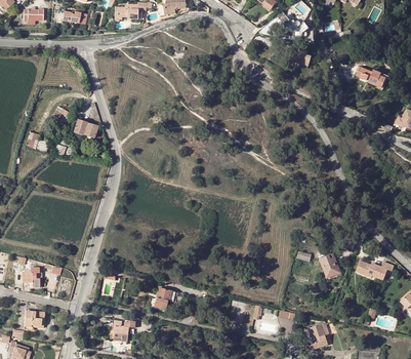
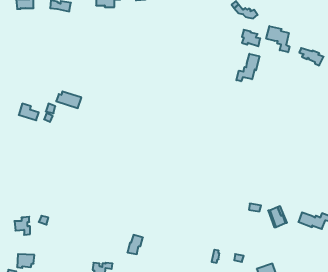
building: none -> [266,26,289,52]
building: none -> [236,54,259,81]

